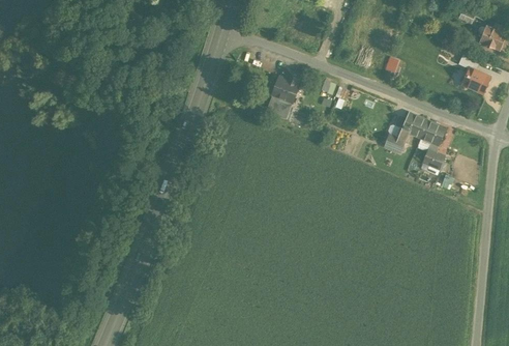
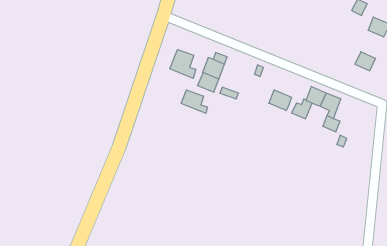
building: none -> [170,50,196,78]
building: none -> [269,90,291,111]
building: none -> [181,90,207,113]

